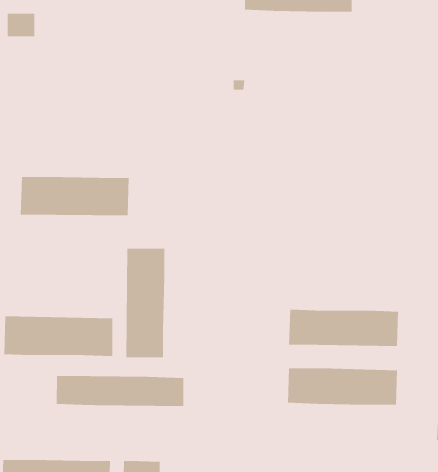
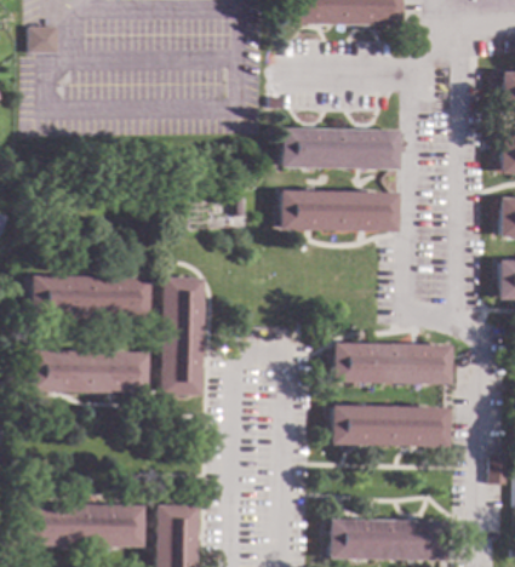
building: none -> [282,128,401,168]
building: none -> [281,190,400,231]
building: [20,176,130,216] -> [30,276,148,319]
building: [56,375,184,407] -> none

